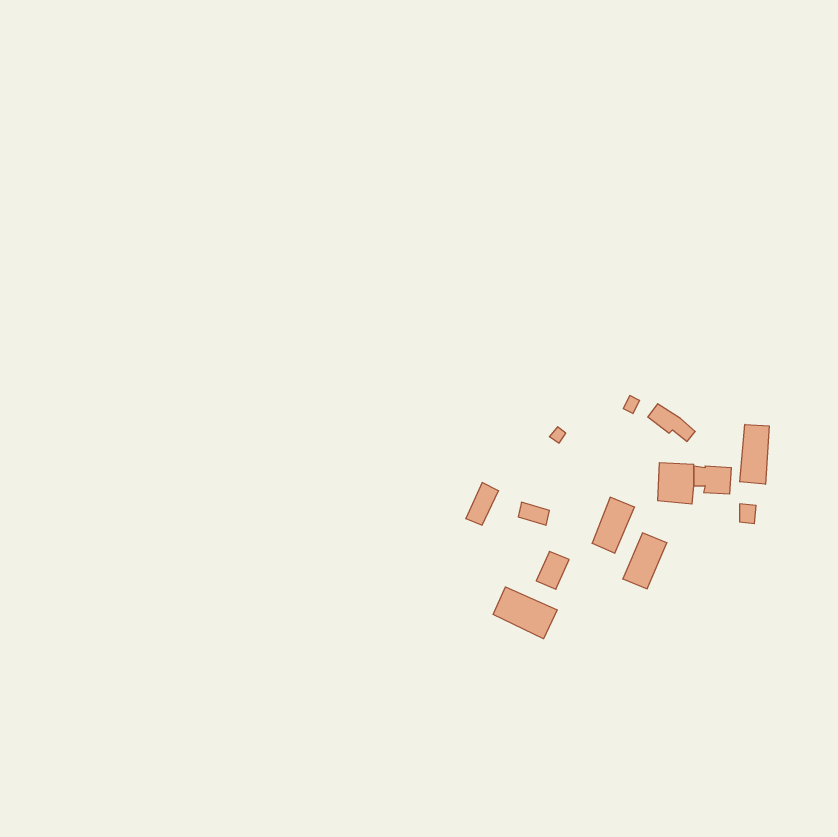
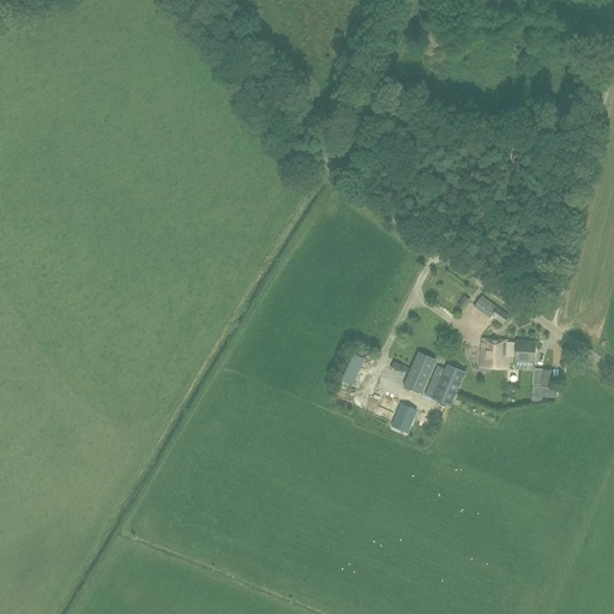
building: [740,424,769,484] -> none
building: [623,533,667,589] -> [403,351,435,392]
building: [493,587,557,639] -> none

